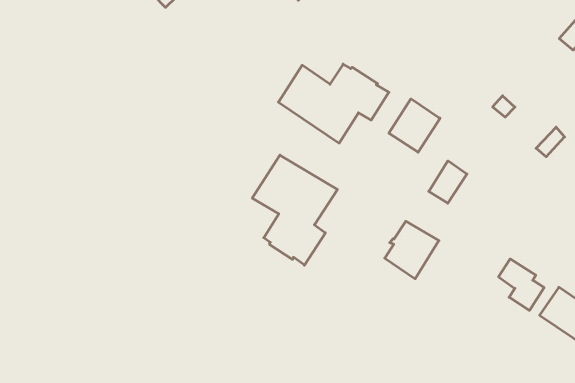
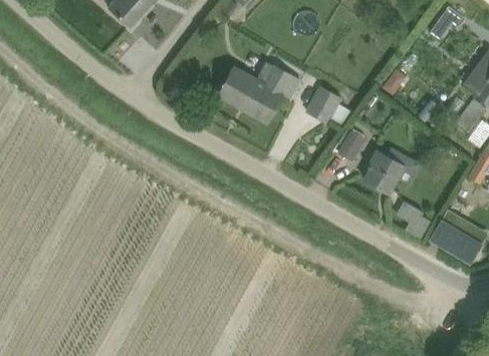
building: [252,155,337,265] -> none
building: [385,221,439,279] -> [363,150,404,194]

